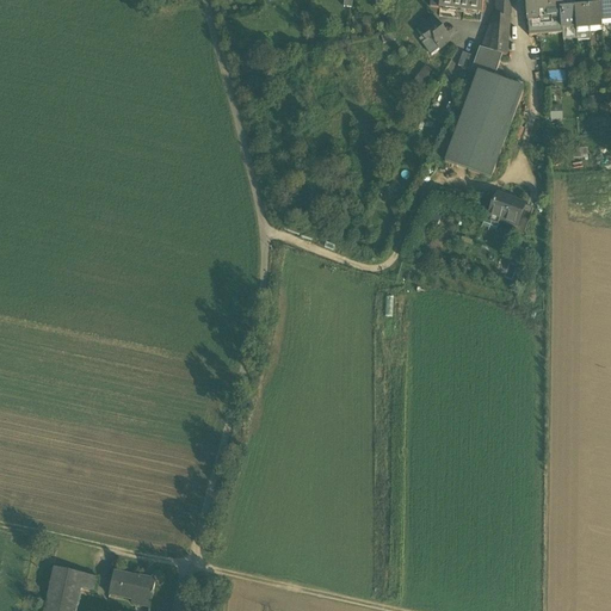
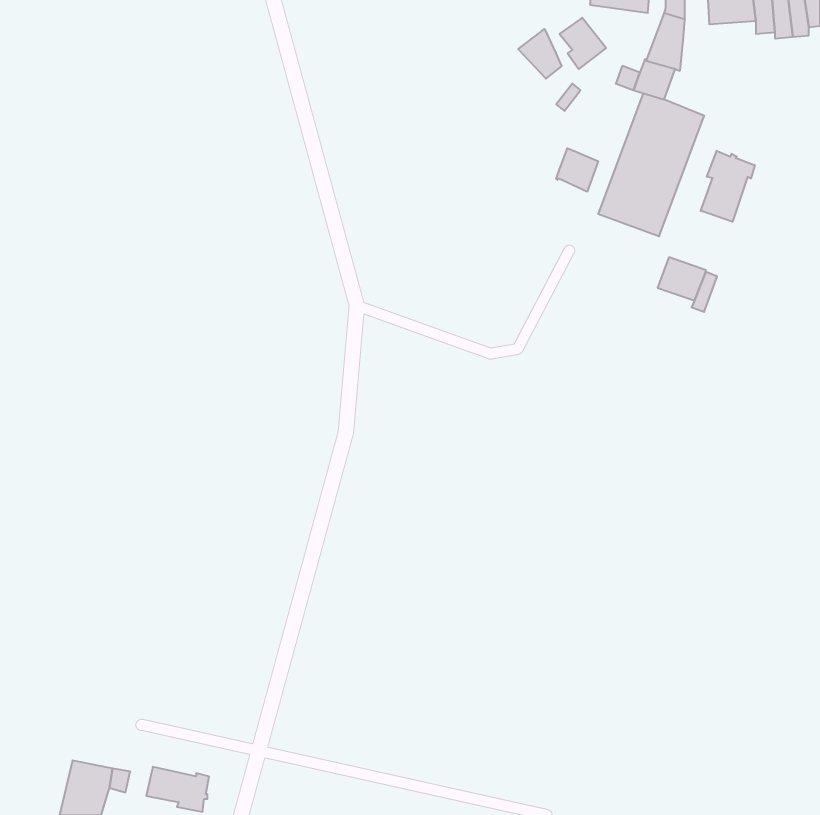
building: none -> [518,29,562,79]
building: none -> [556,148,598,192]
building: none -> [701,151,755,222]

